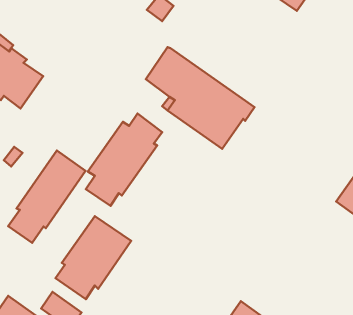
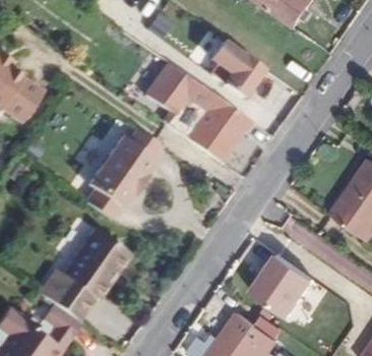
building: none -> [209,40,263,96]
building: [8,150,85,243] -> none
building: none -> [250,251,315,315]

